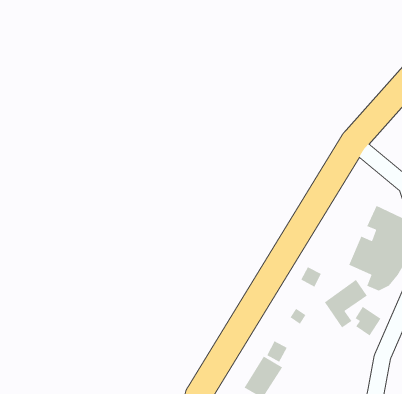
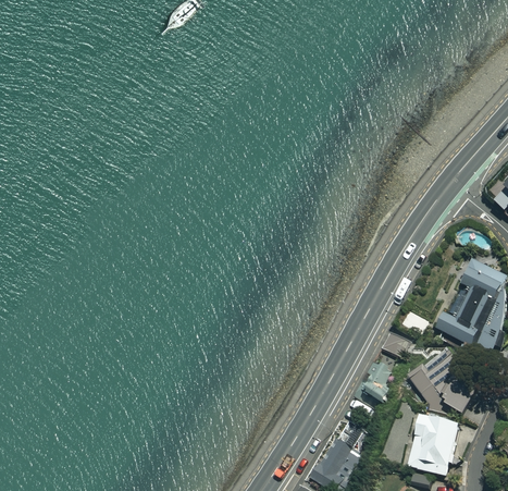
building: none -> [407,414,462,477]

